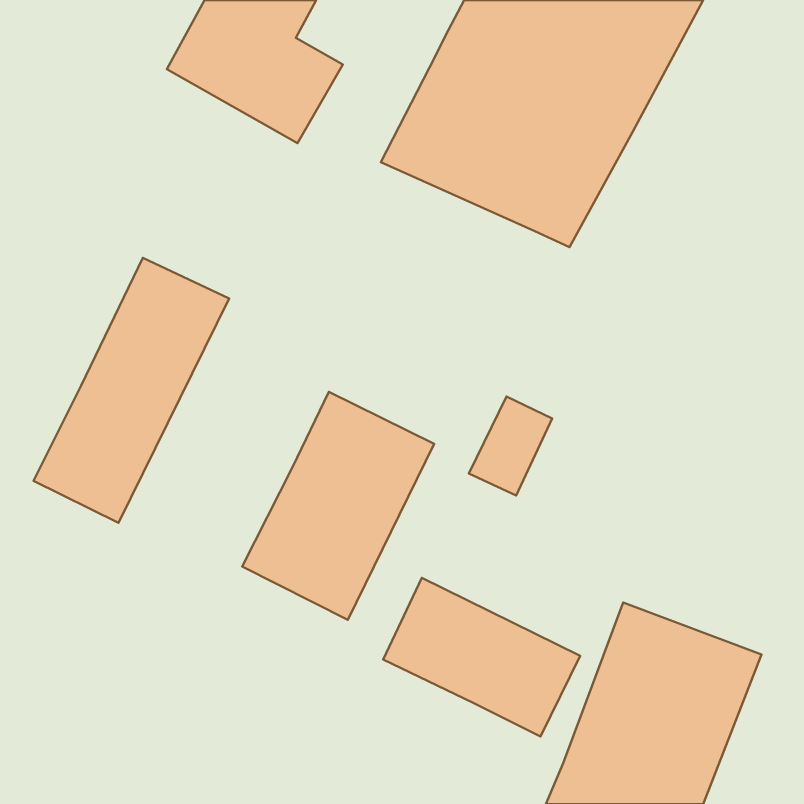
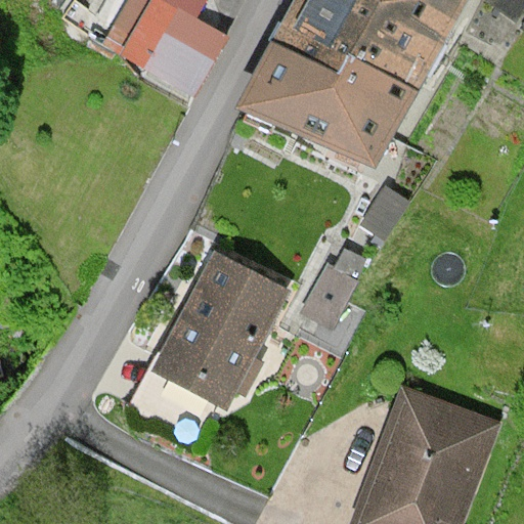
building: [33,258,229,523] -> none
building: [383,578,580,737] -> none

